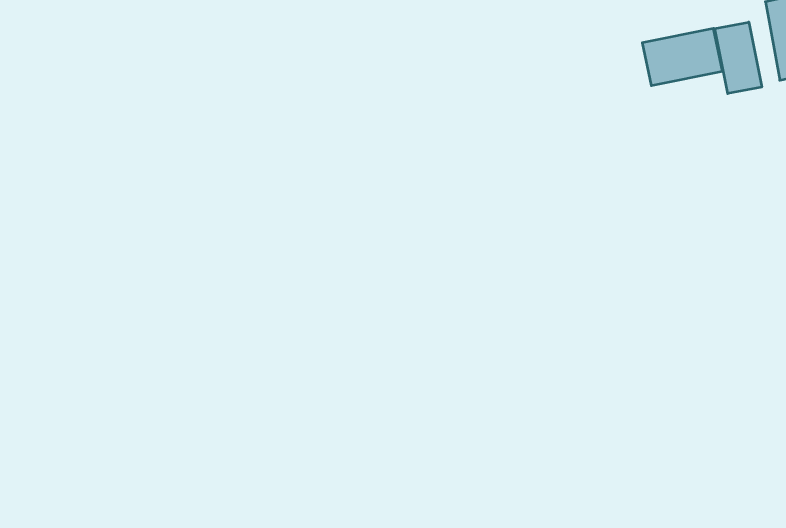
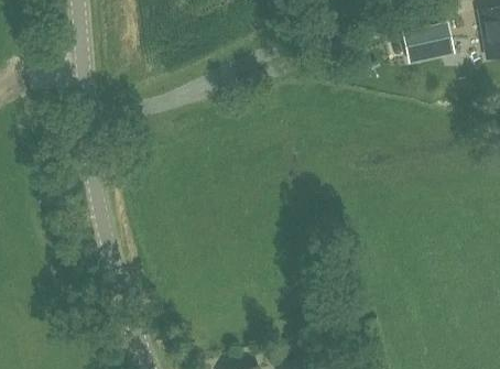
building: [715,22,762,94] -> none

